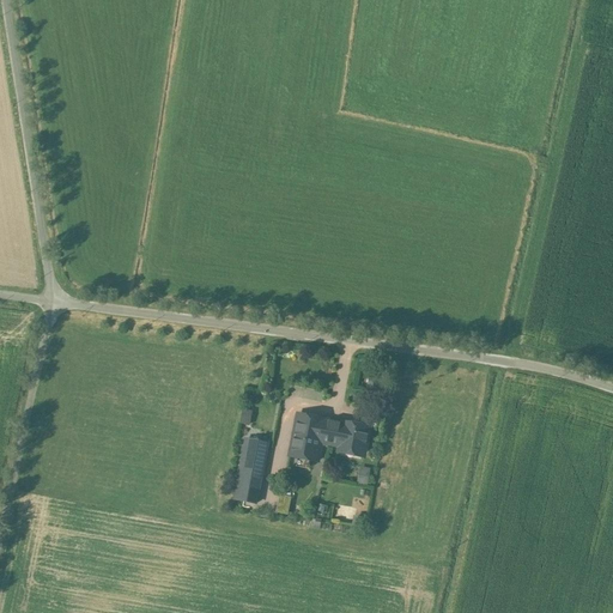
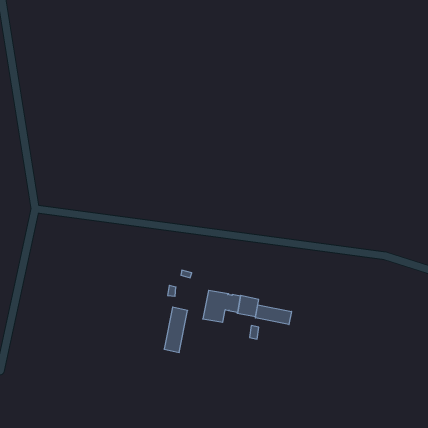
building: none -> [255,305,291,325]

